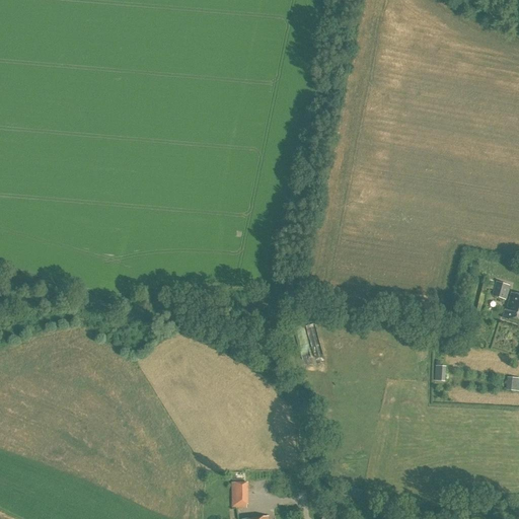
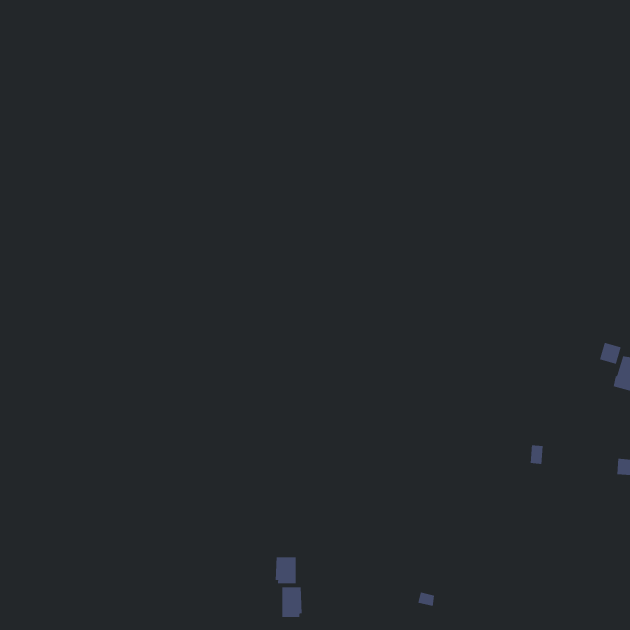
building: none -> [275,557,296,584]

